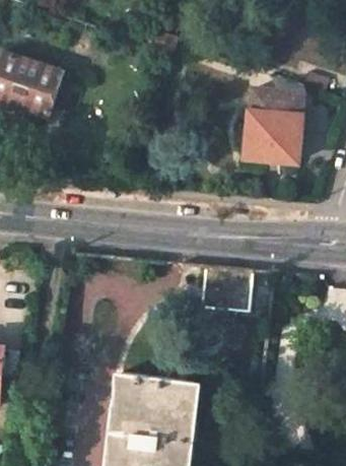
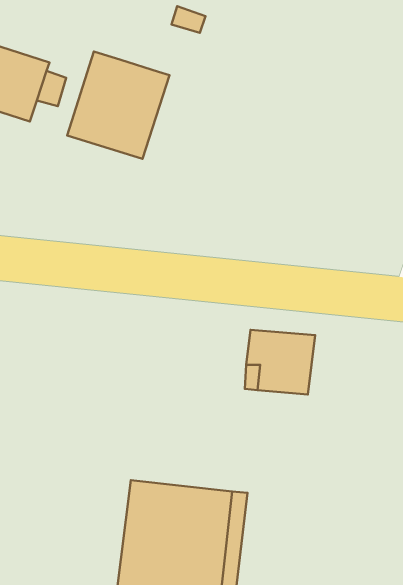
building: none -> [67,52,169,159]
building: [244,88,299,160] -> none

